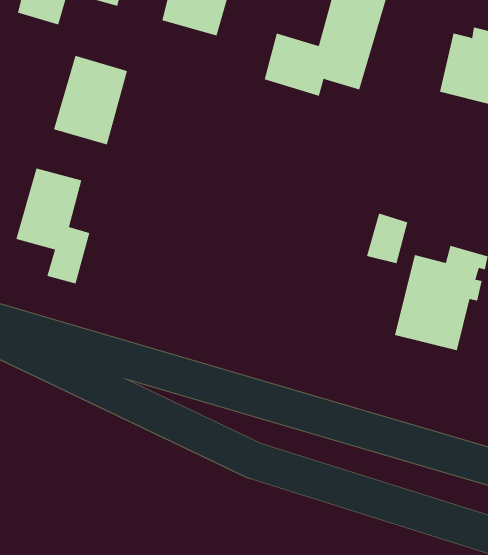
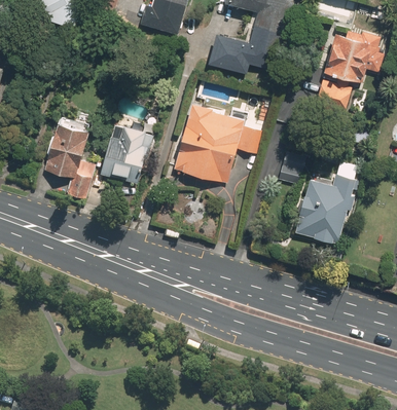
building: [53,55,128,145] -> [101,123,150,183]
building: none -> [315,77,353,107]
building: none -> [174,102,263,182]

